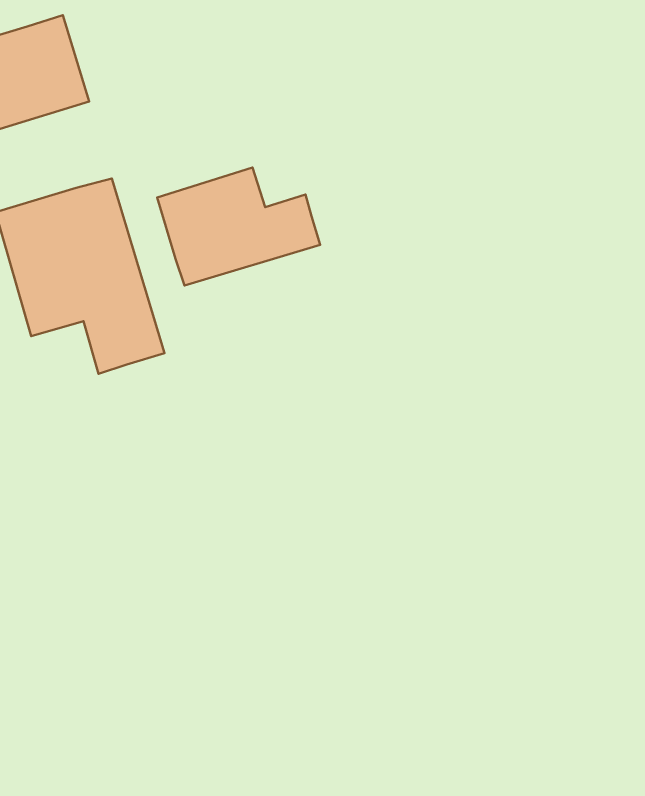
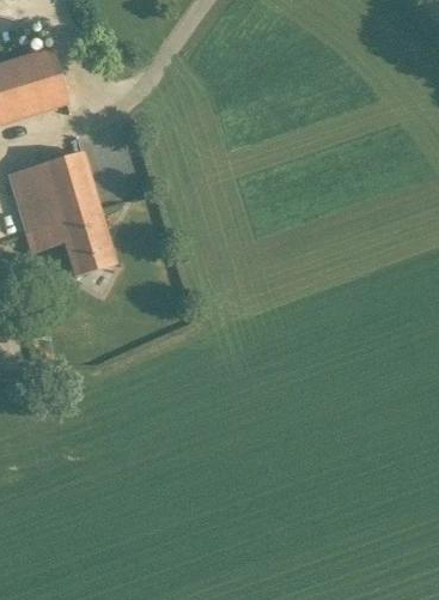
building: [157,167,320,286] -> none

